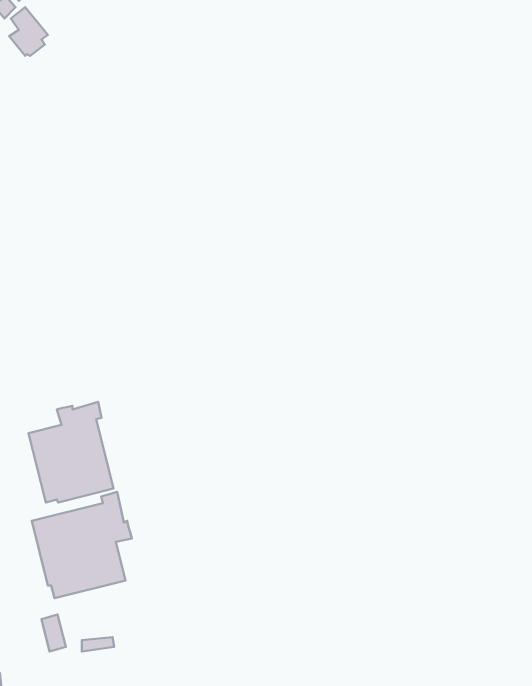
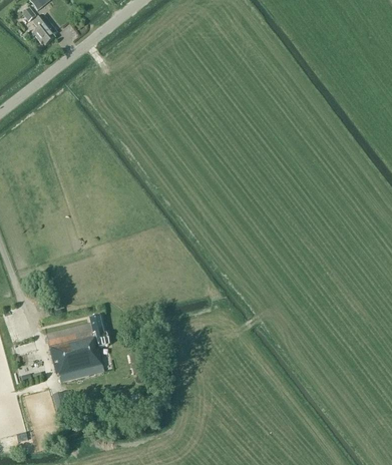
building: [28,402,113,502] -> none

